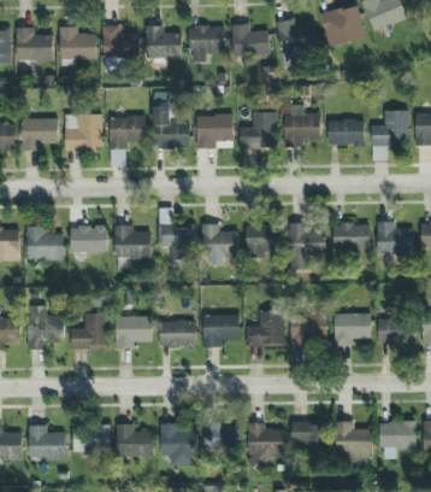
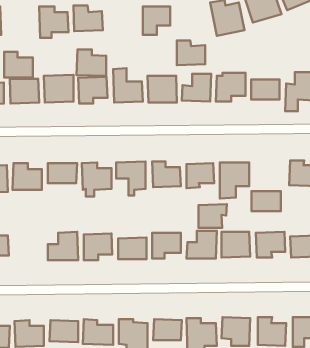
building: [232,24,268,55] -> [177,40,205,65]
building: [144,25,182,59] -> [77,49,106,76]
building: [17,28,53,60] -> [4,52,33,78]
building: [332,223,370,248] -> [251,191,281,211]
building: none -> [199,204,227,228]
building: [26,305,64,348] -> none

